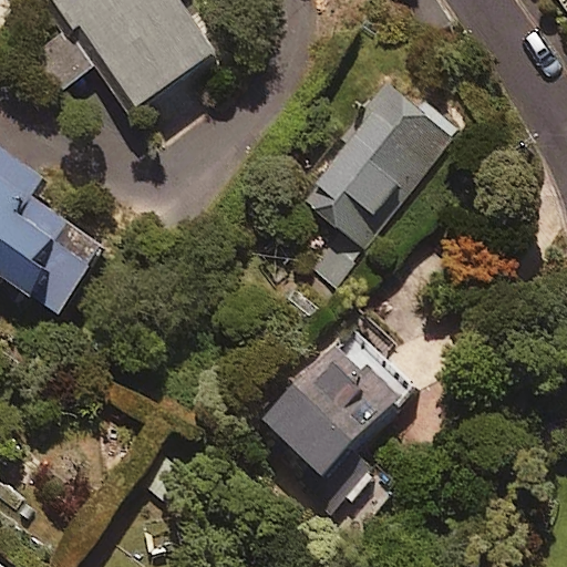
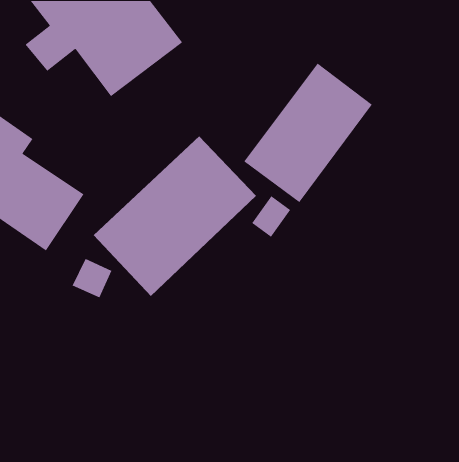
building: none -> [93,135,257,297]
building: [260,326,409,514] -> none

